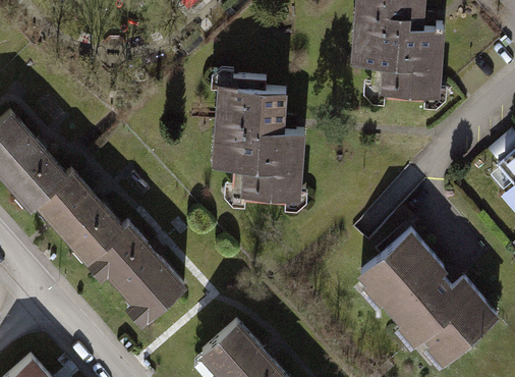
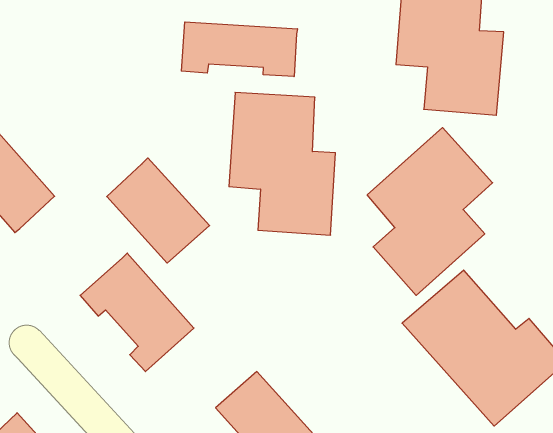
building: none -> [181,22,297,77]
building: none -> [367,128,493,295]
building: [36,167,122,256] -> [107,158,210,263]

